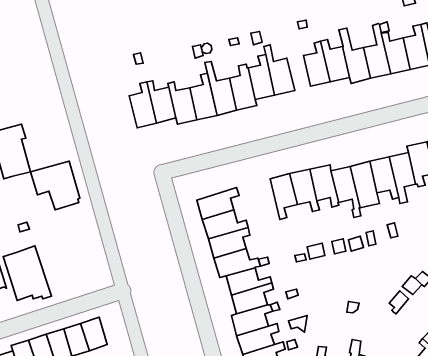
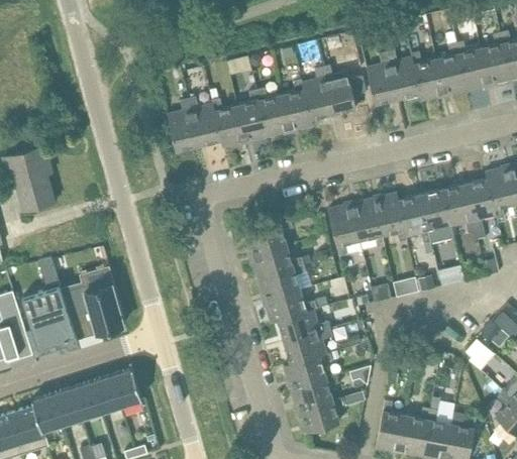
building: [30,161,80,210] -> [68,279,124,335]

